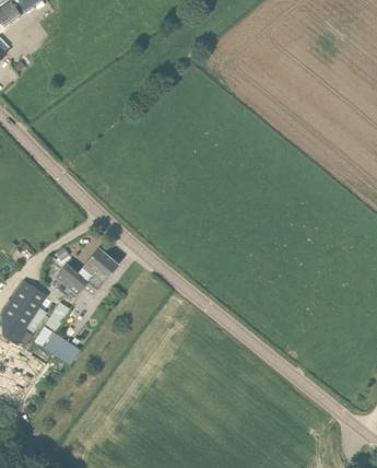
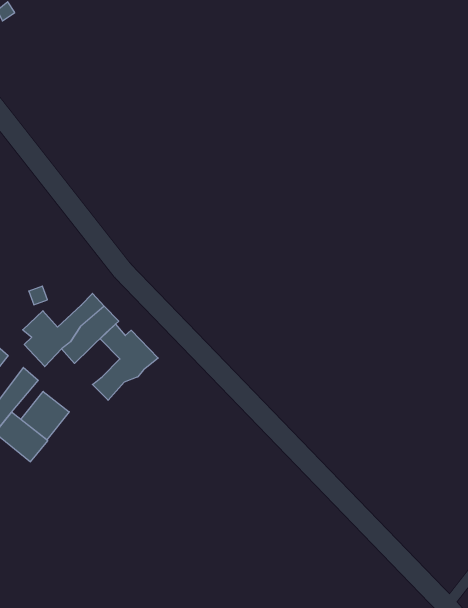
building: none -> [92,324,158,400]
building: none -> [21,391,69,440]

